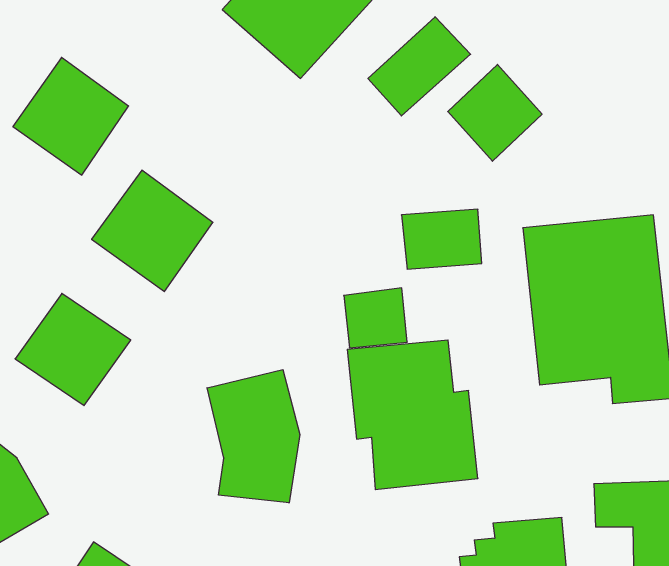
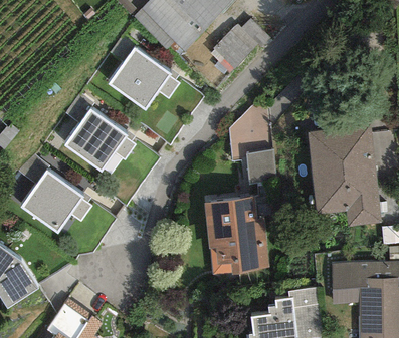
building: [13,57,129,175] -> [109,43,171,106]
building: [448,64,542,161] -> none
building: [344,288,407,348] -> [242,156,276,189]
building: [207,370,300,503] -> none

